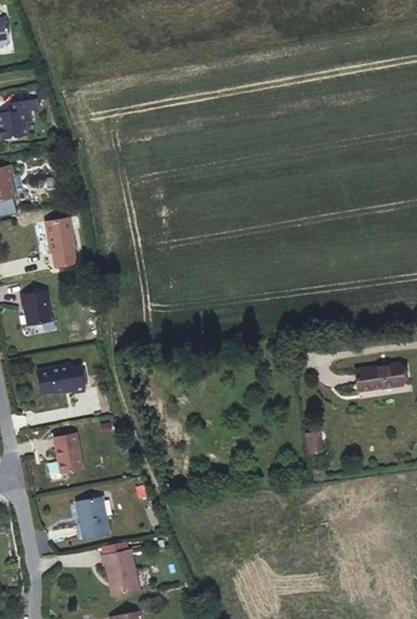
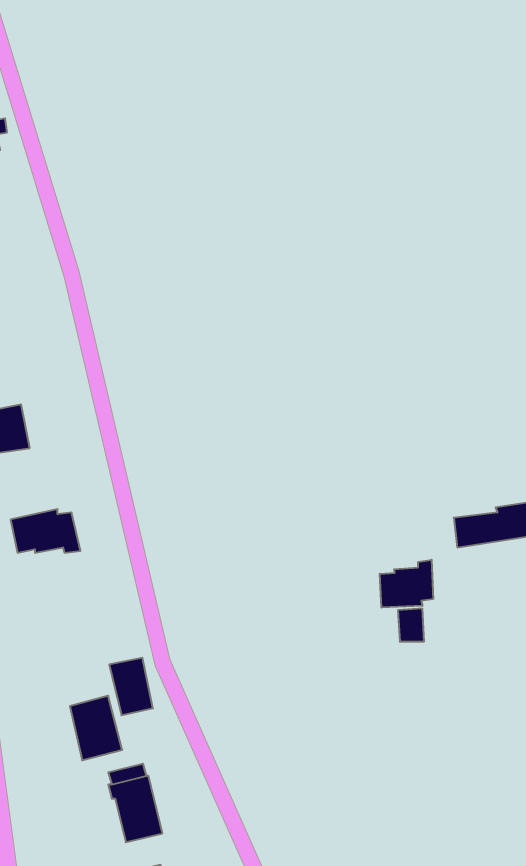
building: [45,218,76,268] -> none
building: none -> [380,560,433,608]
building: [52,434,82,474] -> [109,658,153,715]

